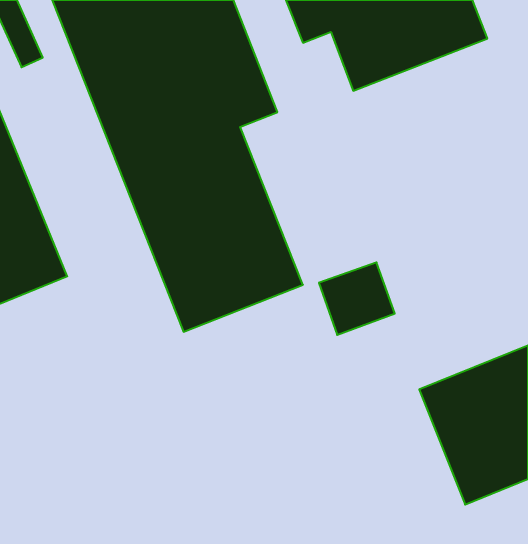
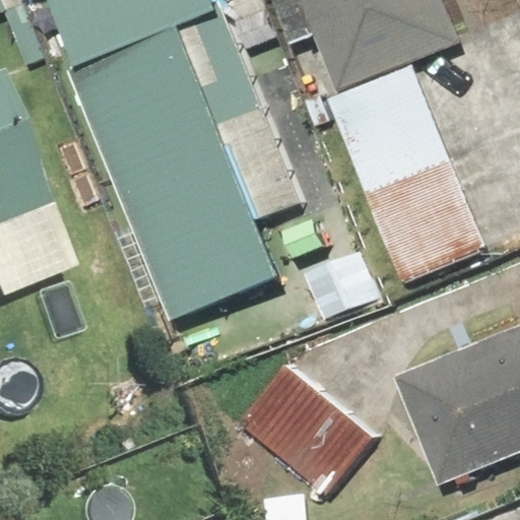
building: none -> [330,66,488,281]
building: none -> [239,363,376,496]

